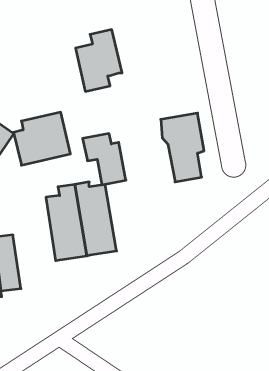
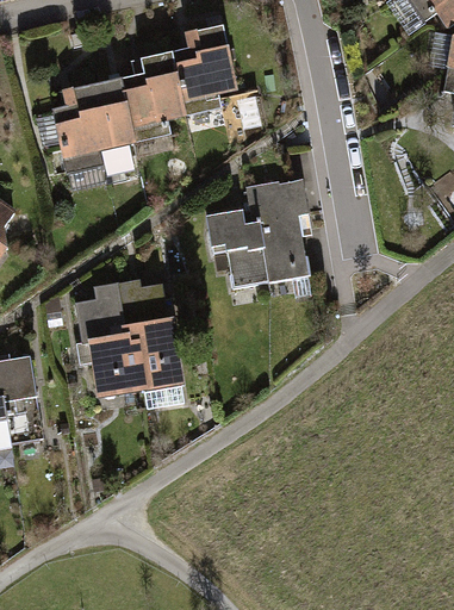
building: none -> [173,26,236,117]
building: [13,112,70,165] -> [49,80,133,158]
building: [83,134,126,185] -> [203,210,267,286]

